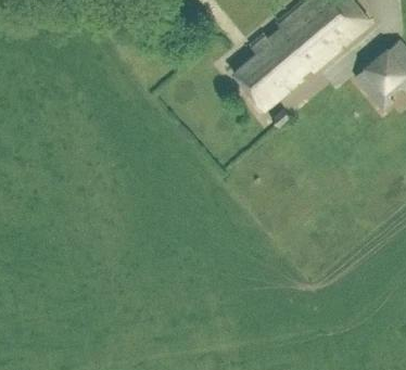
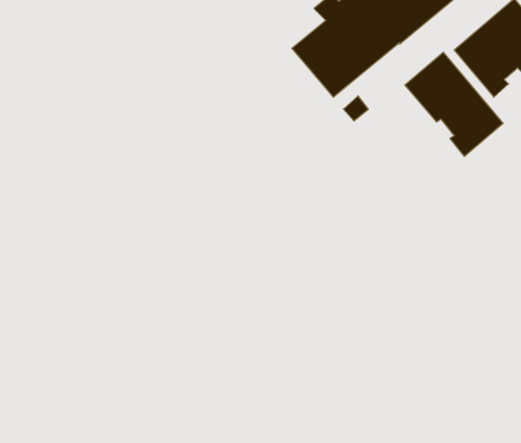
building: none -> [405,52,503,156]

